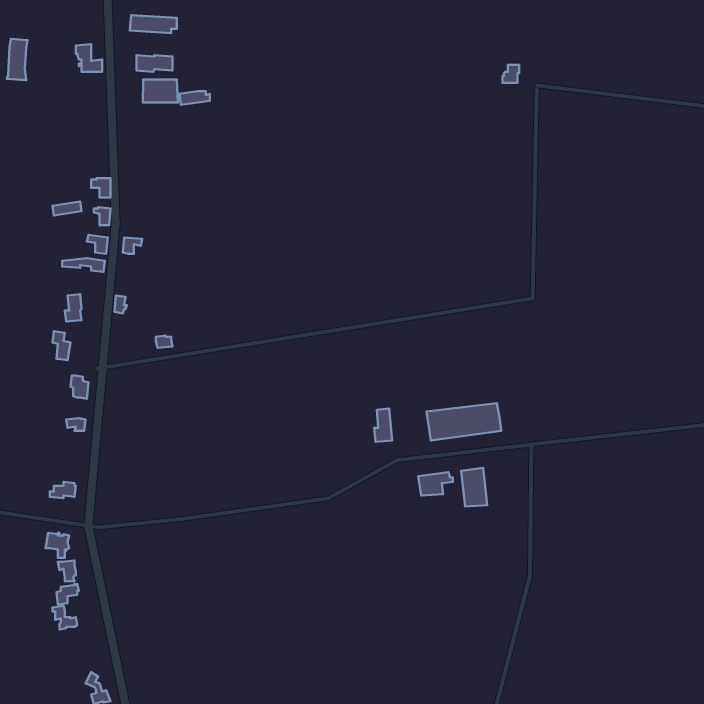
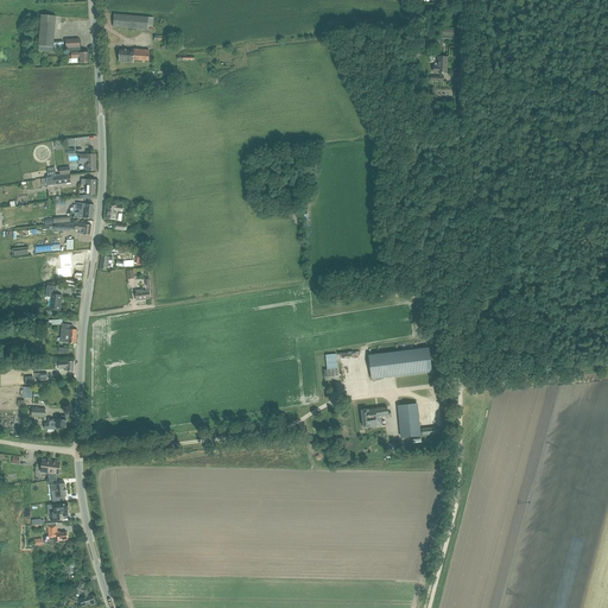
building: [7,39,27,80] -> [37,14,55,50]
building: [143,79,178,102] -> none

